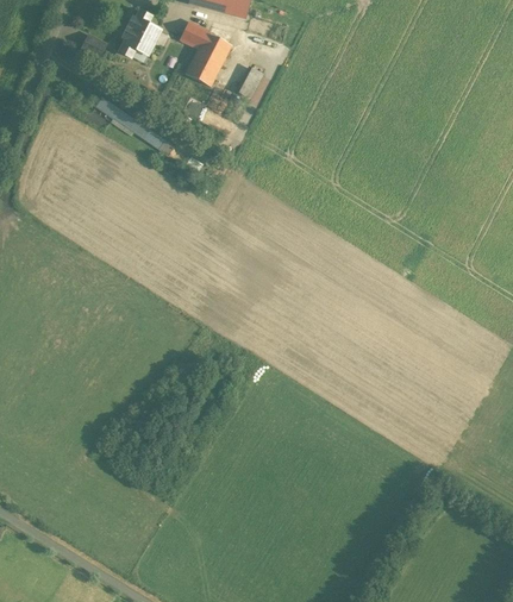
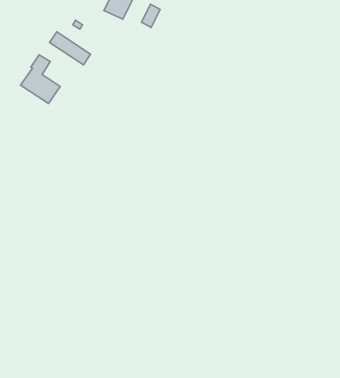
building: none -> [21,55,60,104]

